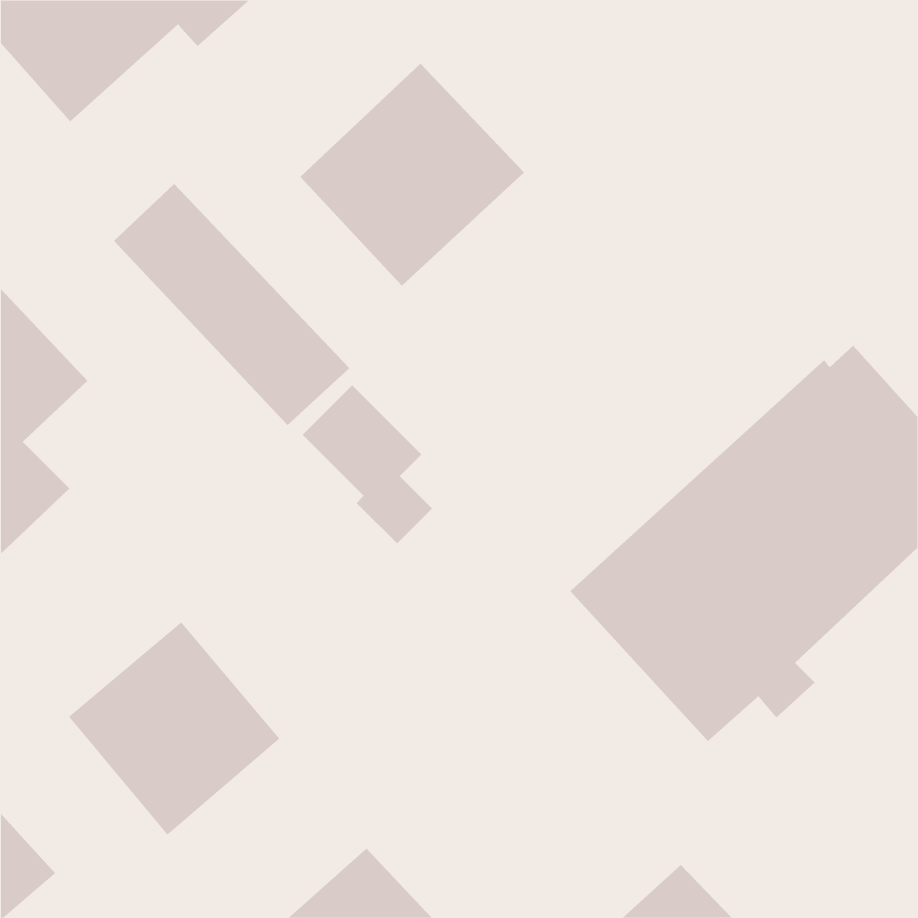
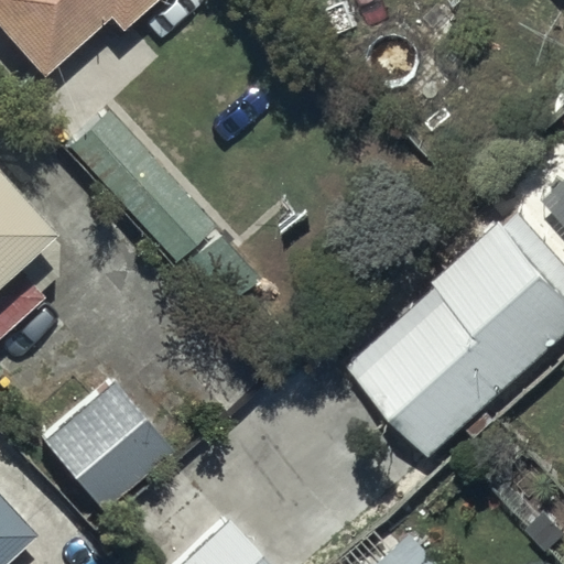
building: [300,63,525,286] -> none

